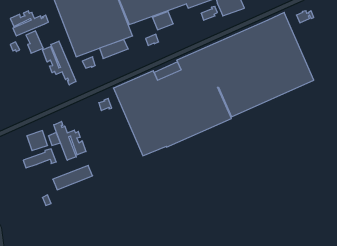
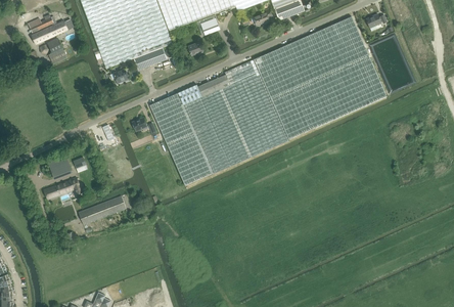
building: [42,41,76,85] -> none
building: [54,121,86,160] -> none

